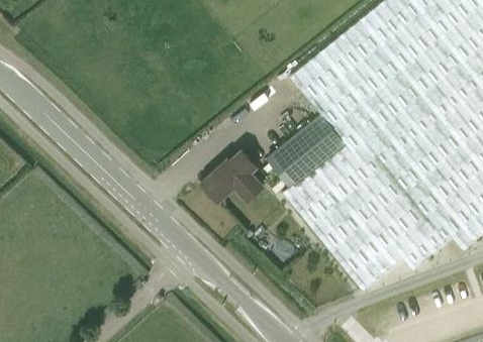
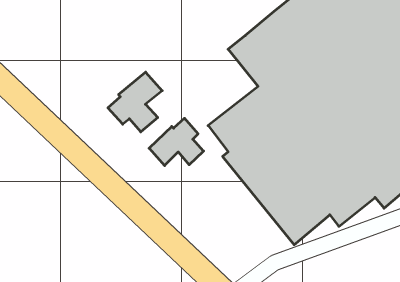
building: none -> [108,72,162,132]

